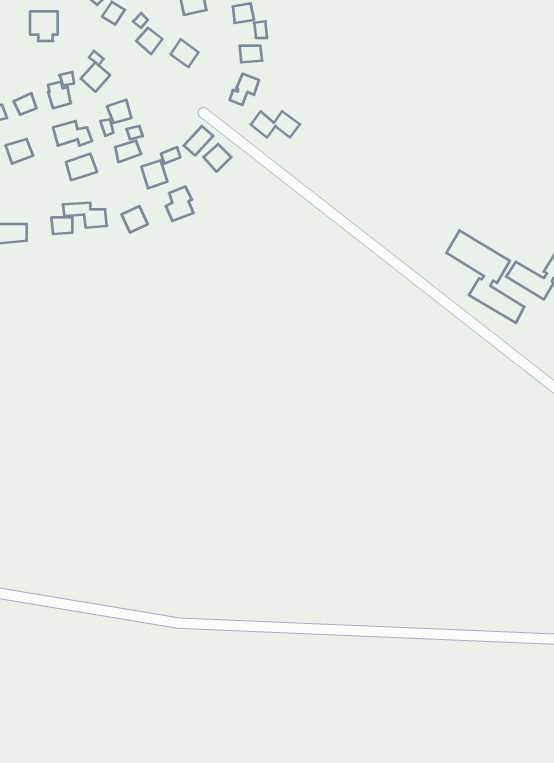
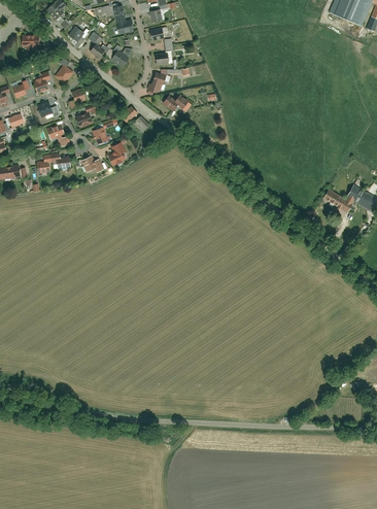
building: [446,230,524,323] -> none

